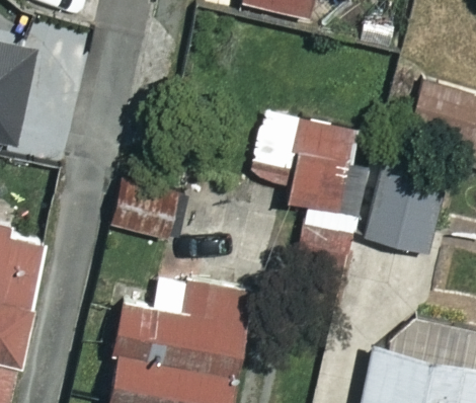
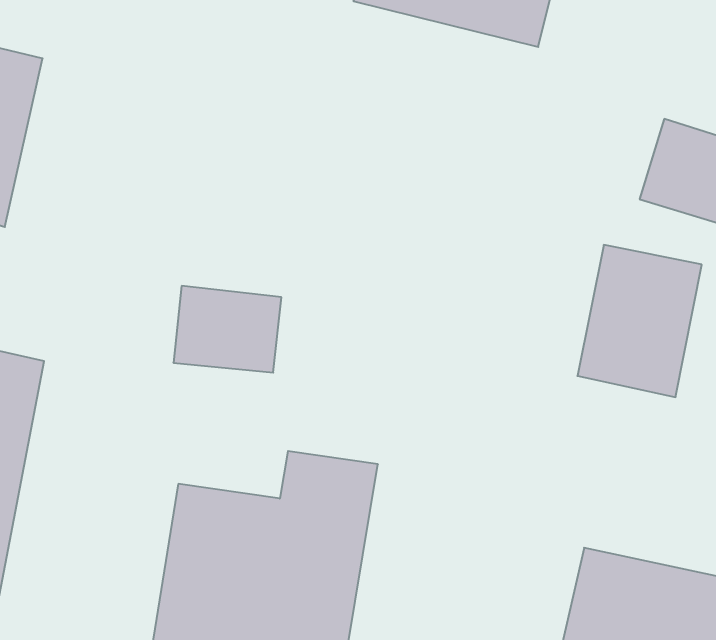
building: [250,99,353,231] -> none

